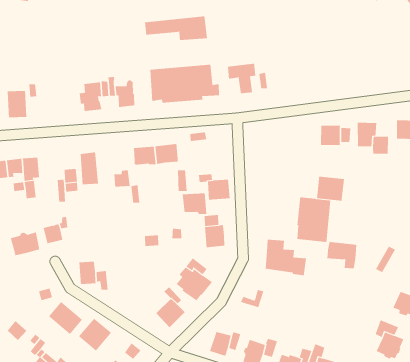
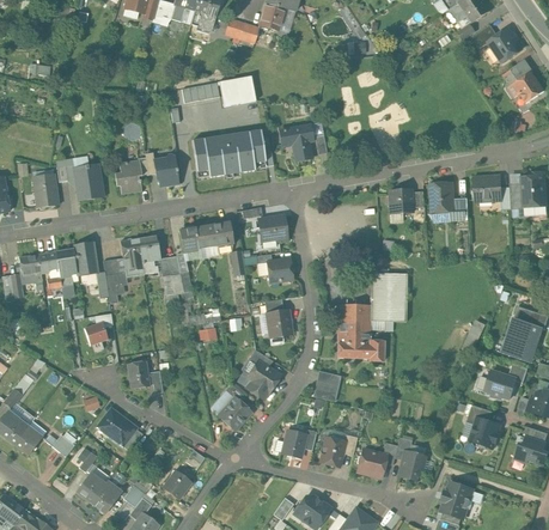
building: none -> [73,164,103,201]
building: none -> [138,236,160,274]
building: none -> [73,243,97,273]
building: [316,176,344,201] -> none
building: [182,193,207,215] -> [257,217,287,242]
building: [10,232,40,256] -> none
building: [327,242,357,269] -> [337,304,371,333]
building: [78,318,112,351] -> none

